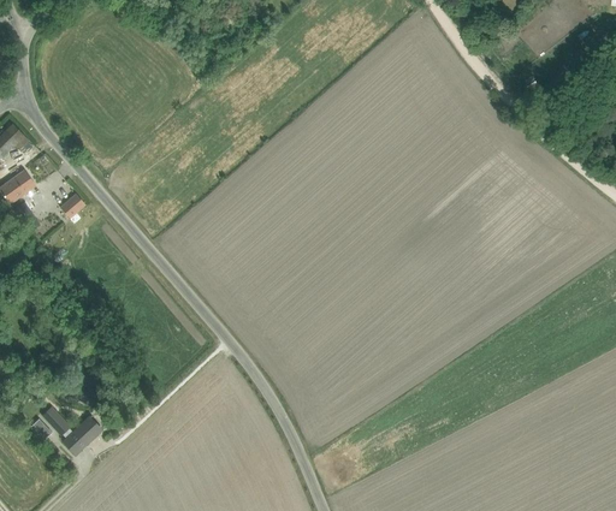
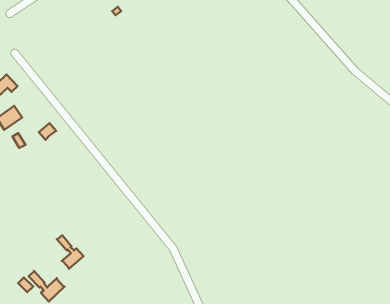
building: none -> [57,235,83,269]

